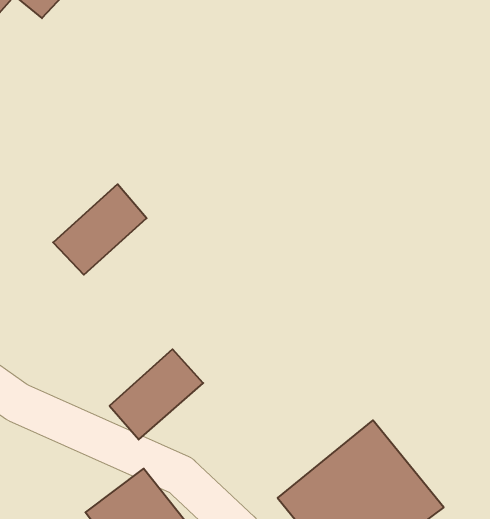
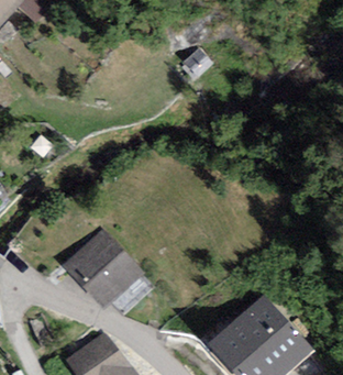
building: [53,184,147,275] -> [60,224,124,286]

